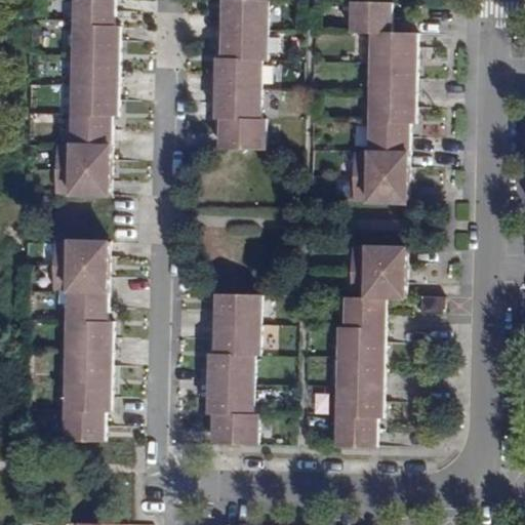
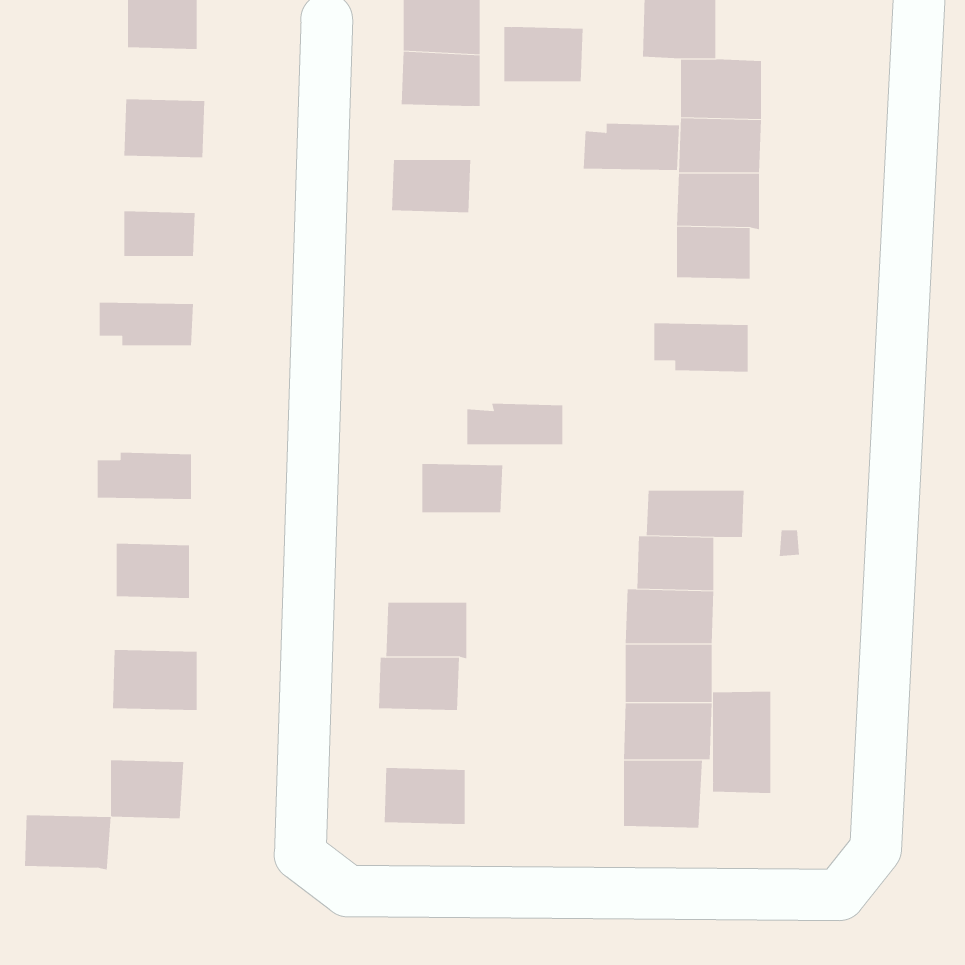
building: [71,26,114,54] -> none
building: [215,56,258,86] -> [504,27,583,82]
building: [70,84,113,115] -> none
building: [219,114,261,145] -> none
building: [56,138,108,164] -> none
building: [356,150,408,175] -> [583,123,680,171]
building: [353,242,405,265] -> [466,403,563,445]
building: [55,269,107,294] -> none
building: [212,298,256,325] -> [422,463,503,513]
building: [65,322,111,352] -> none
building: none -> [712,691,771,794]
building: [63,382,110,412] -> [24,815,111,870]
building: [207,382,250,415] -> none

